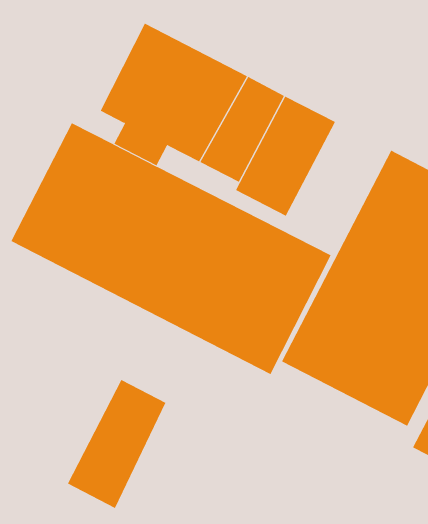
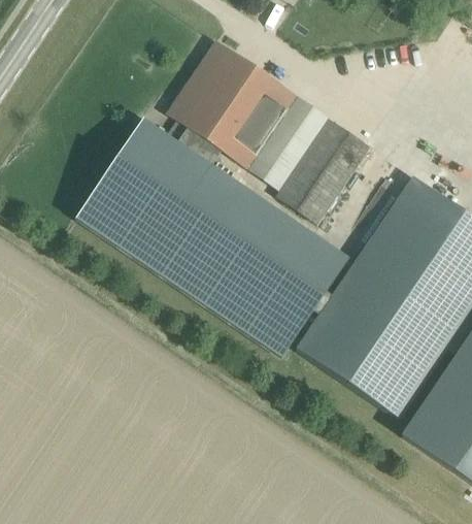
building: [67,379,166,509] -> none

